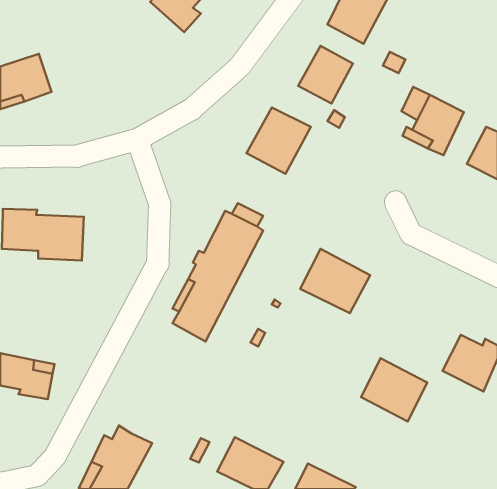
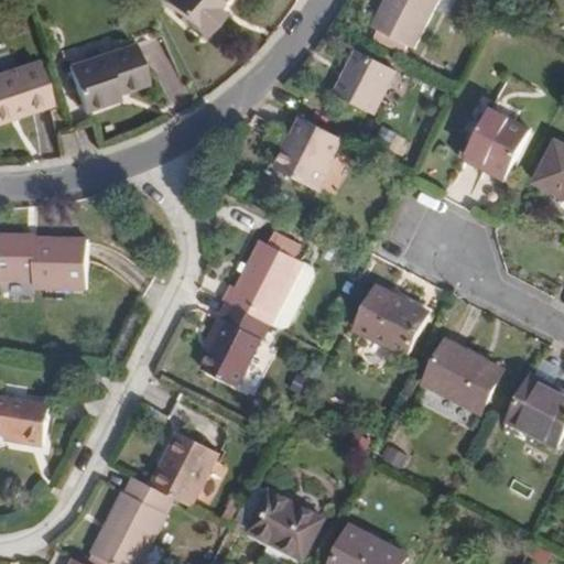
building: none -> [75,37,155,107]
building: [361,358,427,422] -> [420,337,495,409]
building: none -> [150,435,219,511]

